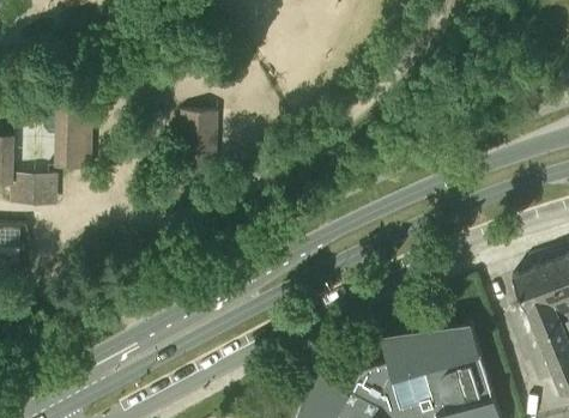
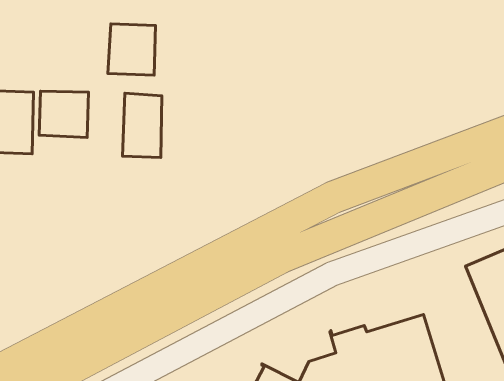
building: none -> [108,24,155,75]
building: none -> [39,91,89,138]

